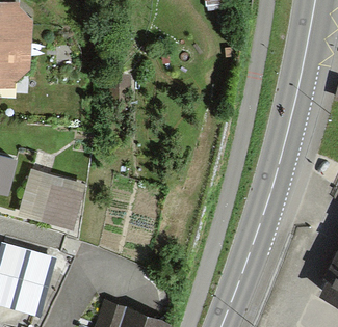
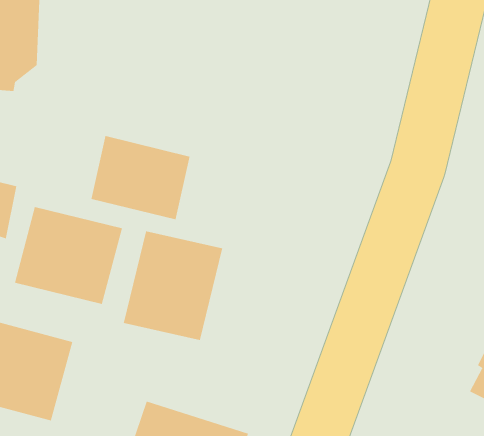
building: none -> [91,135,190,220]
building: none -> [123,231,223,341]

